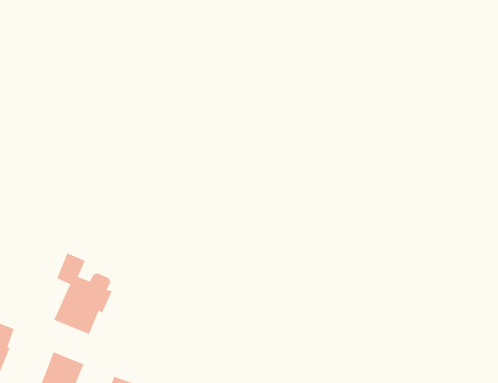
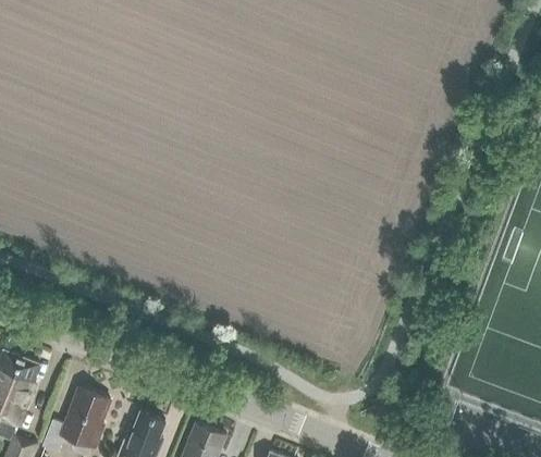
building: [53,253,112,335] -> none

